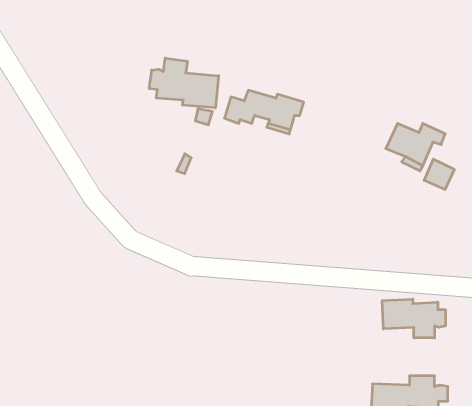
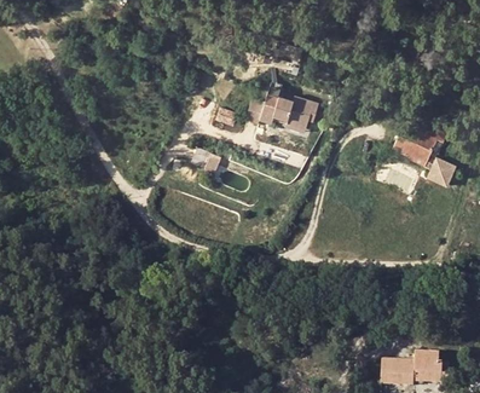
building: [149,58,219,108] -> none
building: [382,299,445,338] -> none

